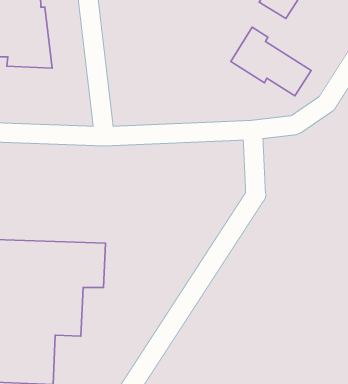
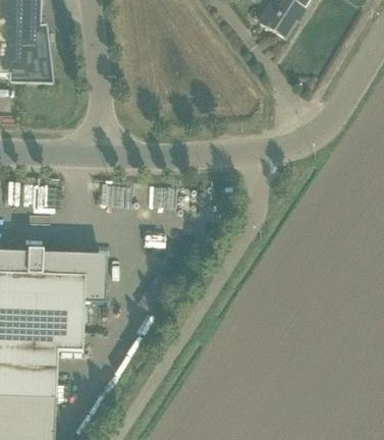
building: [231,27,311,96] -> none

